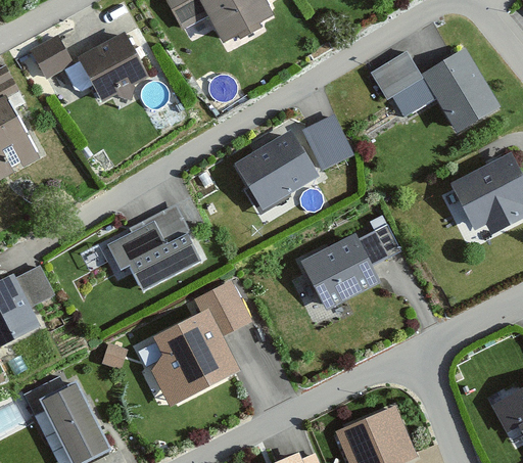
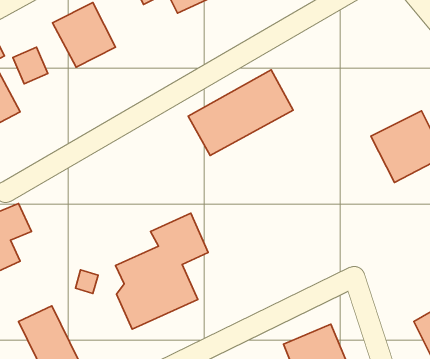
building: [29,35,69,78] -> [13,47,48,84]
building: [370,50,502,138] -> none
building: [104,204,204,292] -> none
building: [299,219,405,310] -> none

